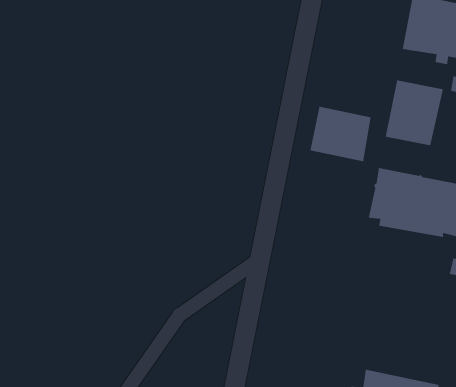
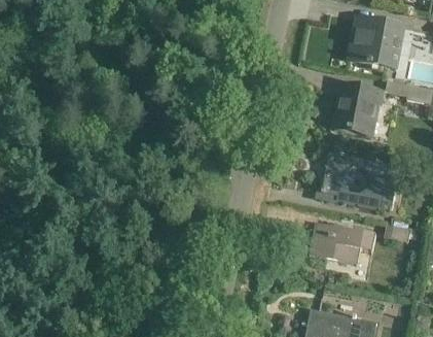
building: [310,106,372,162] -> none
building: none -> [310,222,376,264]

